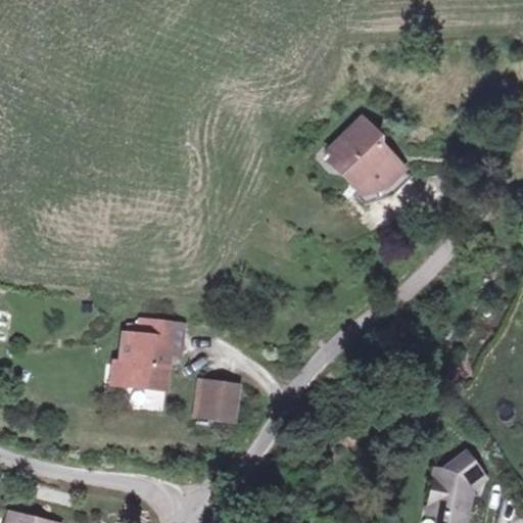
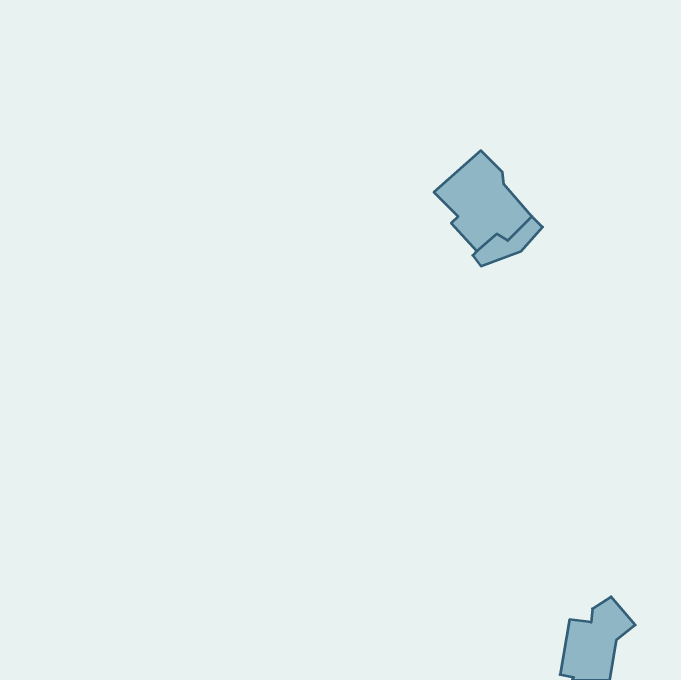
building: [120,321,180,383] -> none
building: [193,379,235,417] -> none

